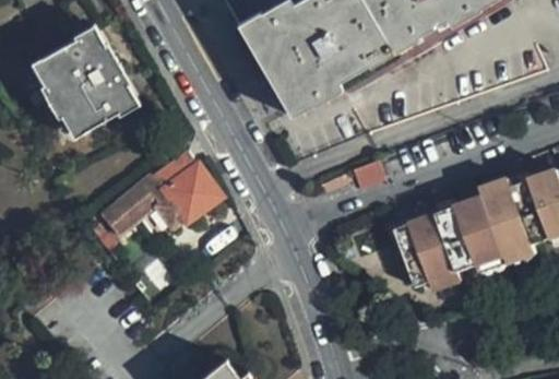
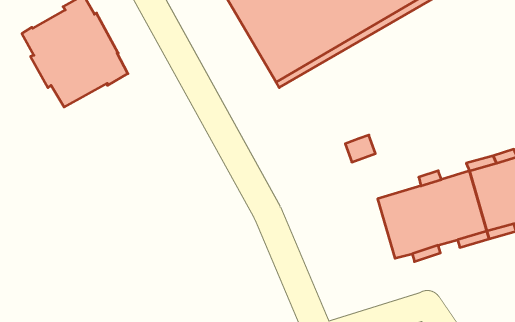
building: [100,149,223,236] -> none

